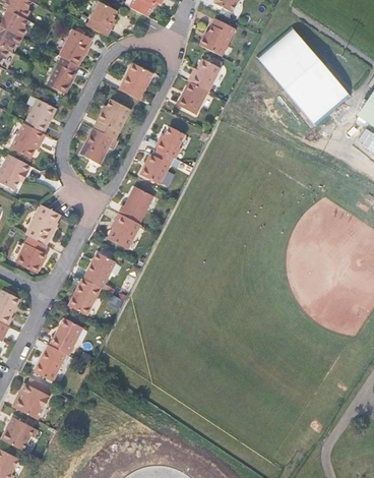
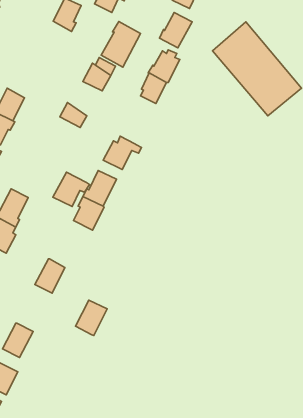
building: none -> [101,22,141,67]
building: [61,28,92,65] -> none
building: [48,63,76,93] -> none
building: [103,99,131,126] -> none
building: [155,125,185,157] -> none
building: [80,127,119,164] -> [53,172,89,207]
building: [83,251,115,290] -> none
building: [49,318,82,356] -> [76,300,107,336]

